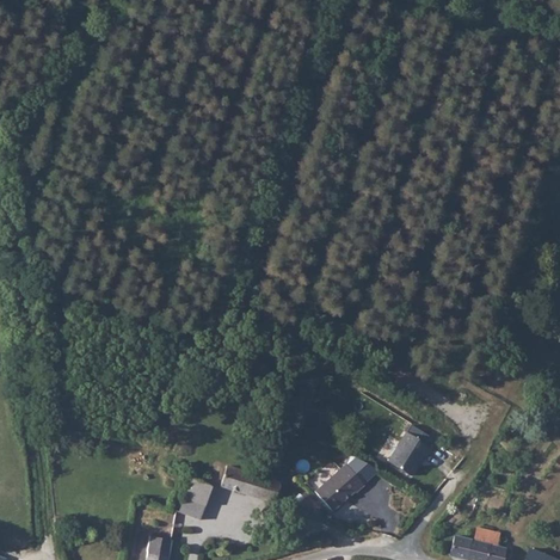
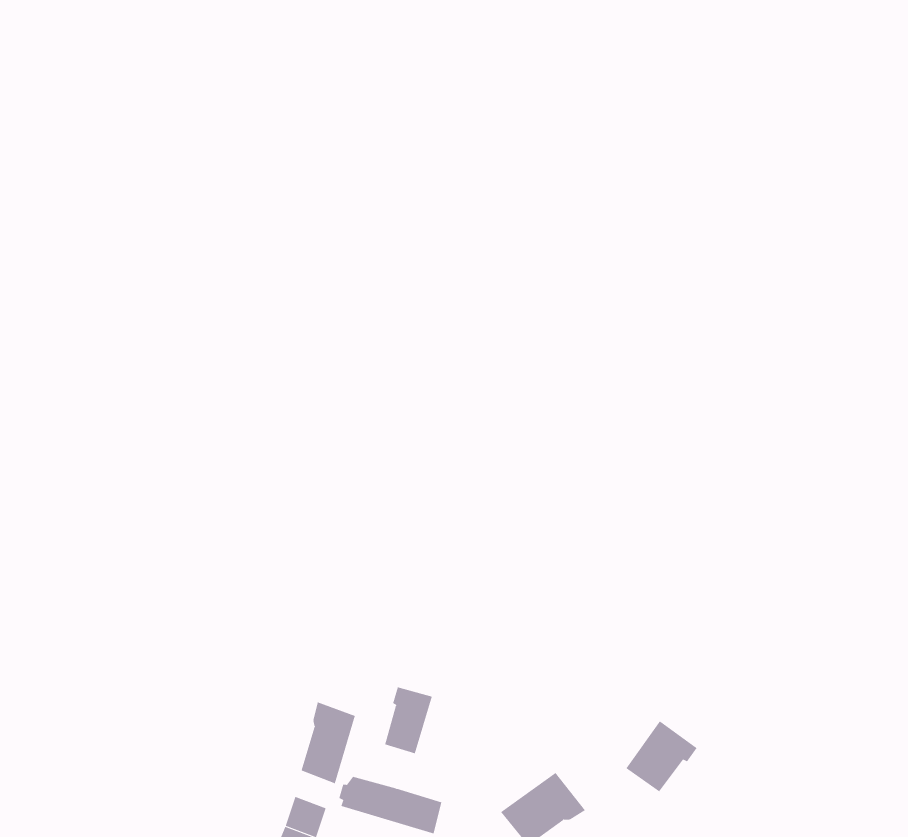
building: none -> [385,687,432,754]
building: none -> [301,702,356,784]

